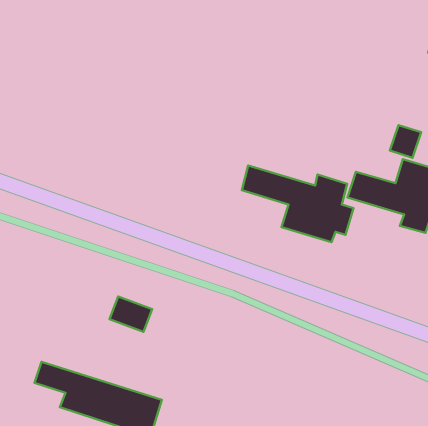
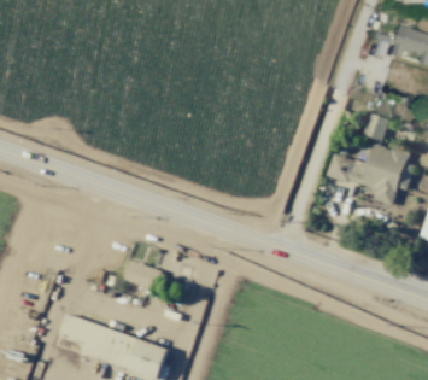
building: [242,166,354,242] -> none

